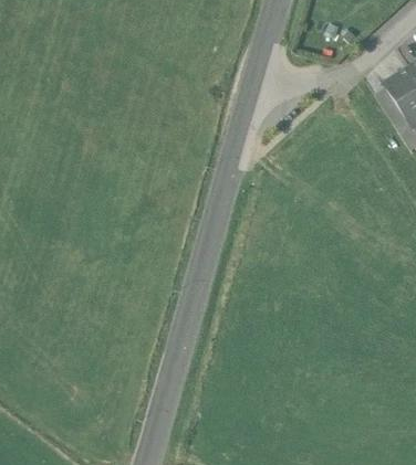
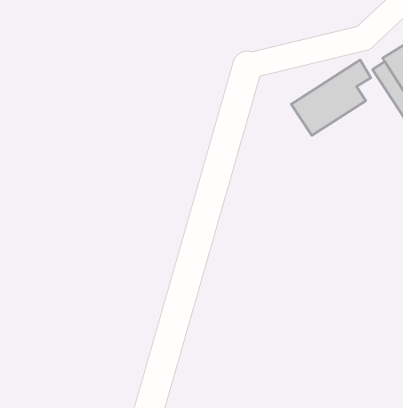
building: none -> [291,60,371,135]

